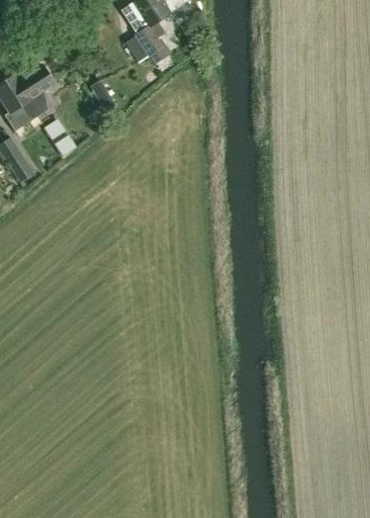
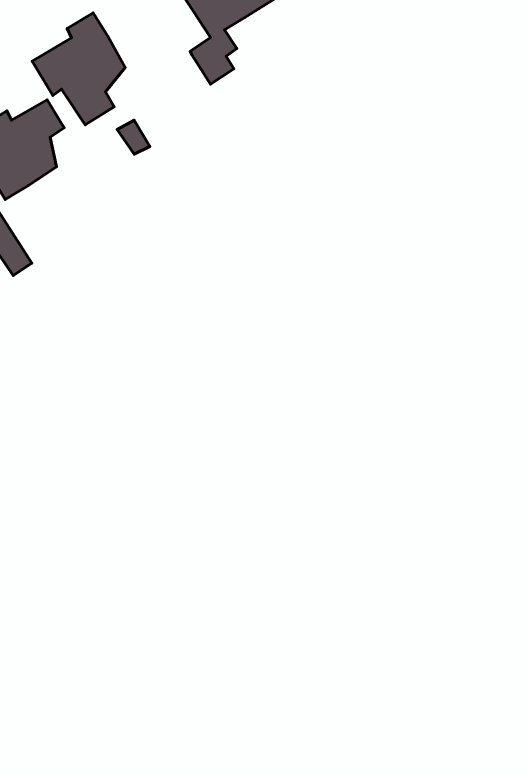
building: none -> [32,13,125,125]

